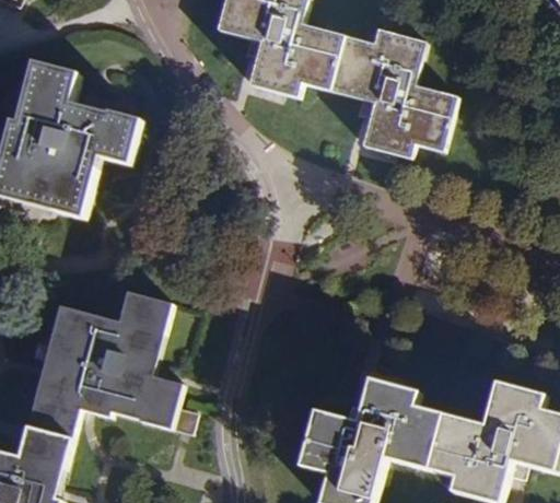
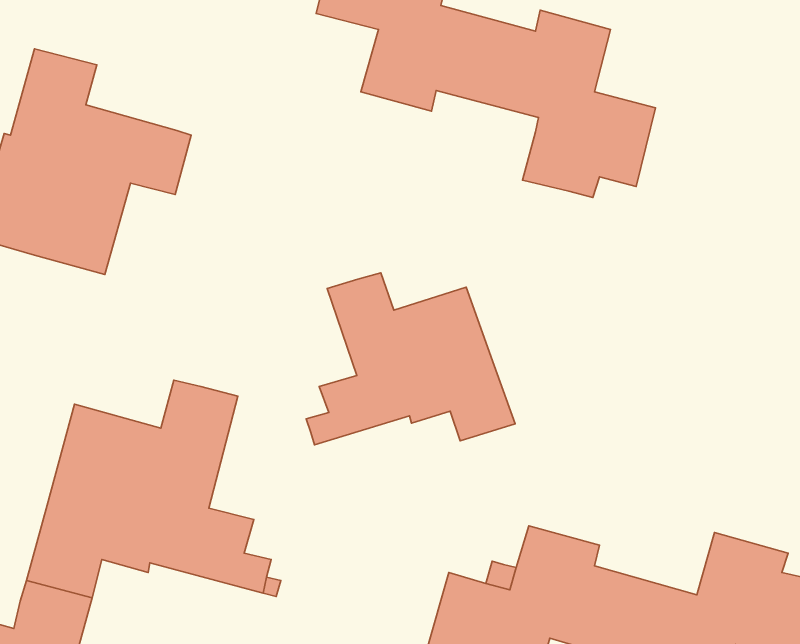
building: none -> [306,273,515,445]

